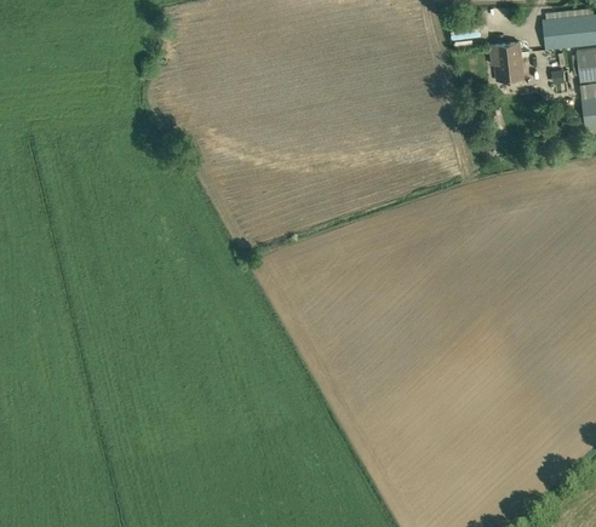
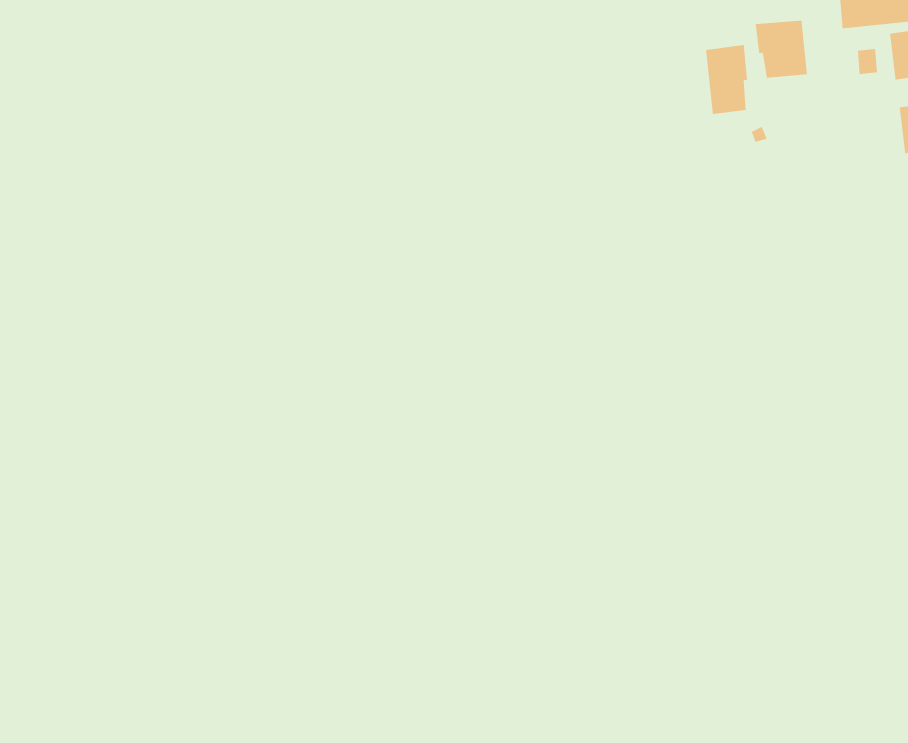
building: none -> [705,44,748,115]

